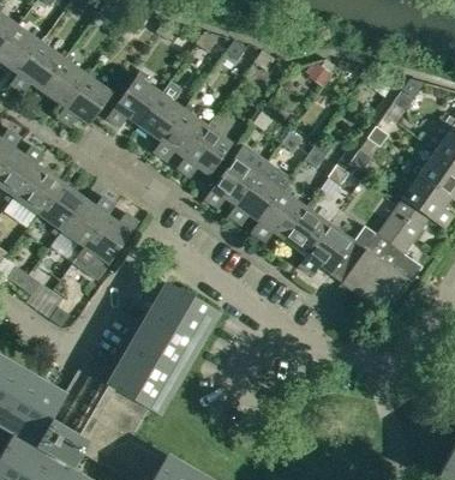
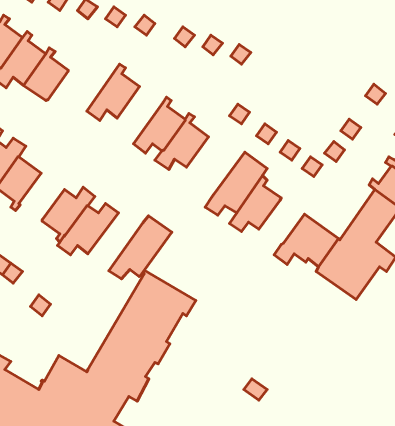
building: [58,70,113,126] -> none
building: [138,86,185,151] -> none
building: [204,143,269,208] -> [109,216,172,279]
building: [37,181,84,236] -> none
building: [283,200,330,254] -> none

